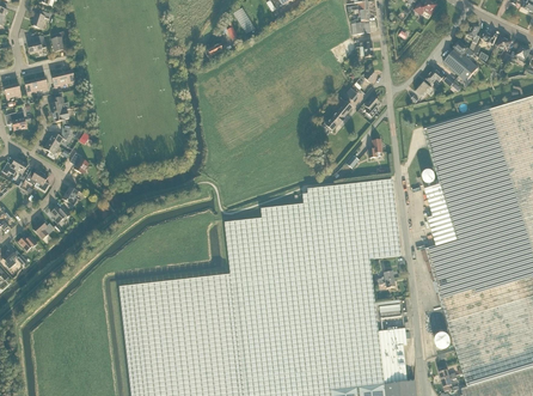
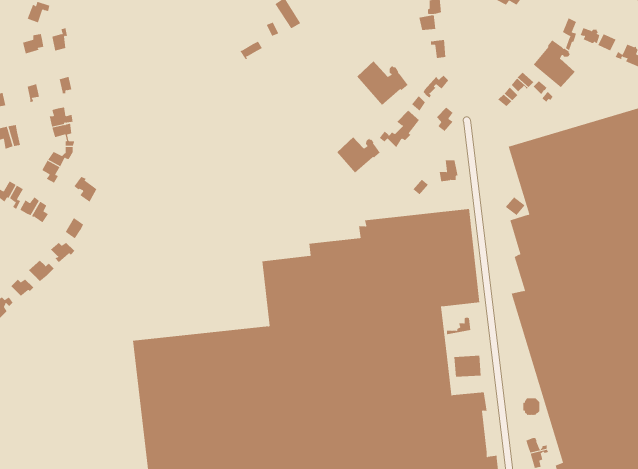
building: none -> [357,61,408,106]
building: none -> [336,137,381,173]

